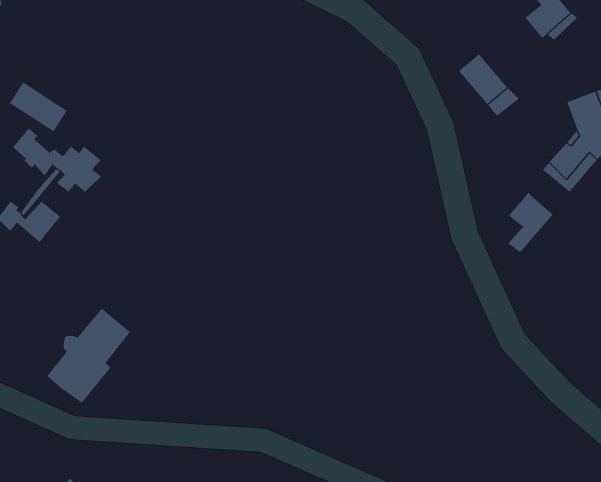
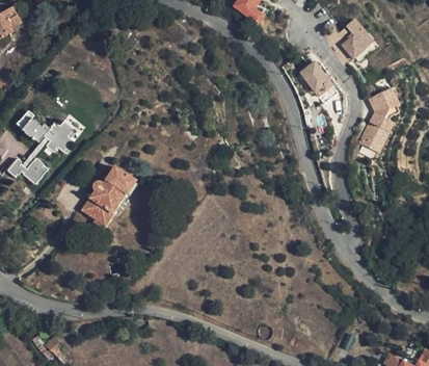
building: [9,82,67,132] -> none
building: [507,192,554,253] -> none
building: [46,308,131,403] -> [82,163,136,225]

